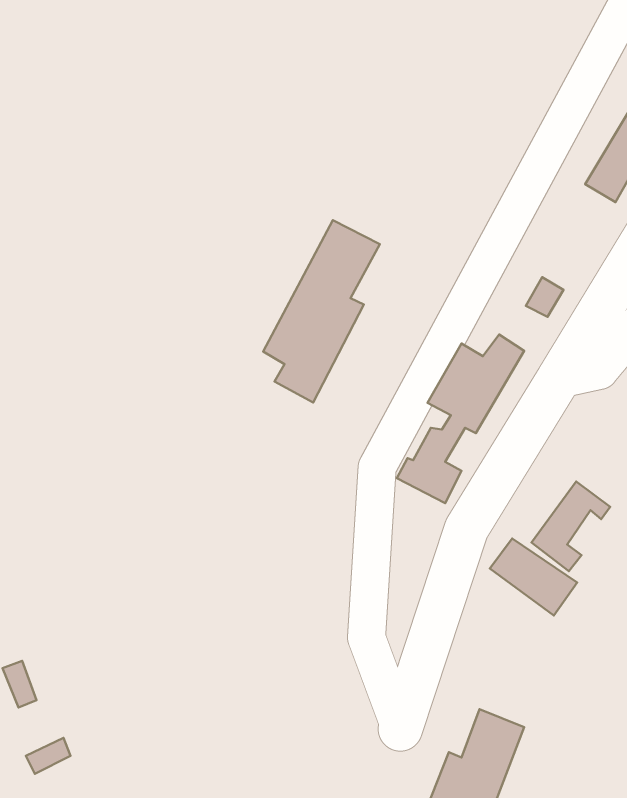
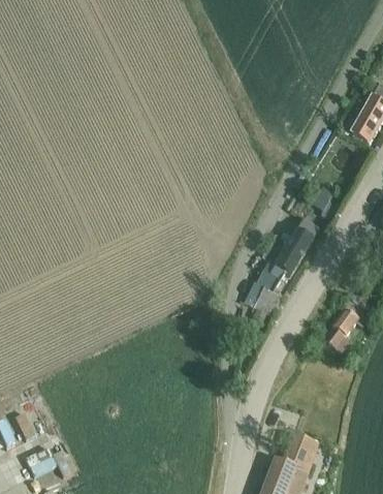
building: [263,220,380,402] -> none
building: [490,538,577,616] -> none

